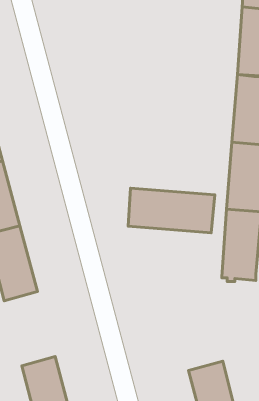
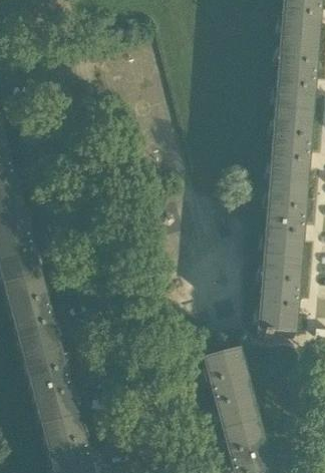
building: [128,188,215,233] -> none
building: none -> [23,348,78,428]
building: none -> [204,352,260,433]

